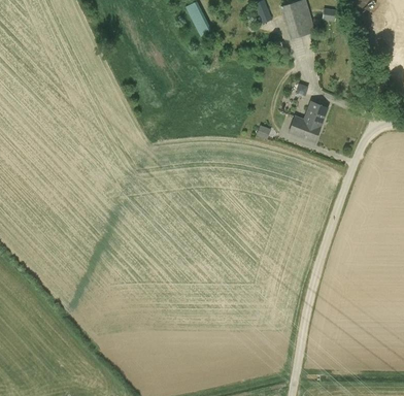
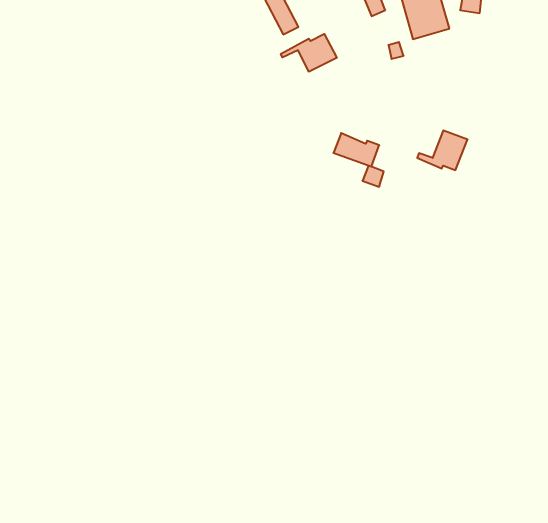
building: none -> [281,34,337,72]
building: [288,120,318,142] -> [333,133,379,167]

